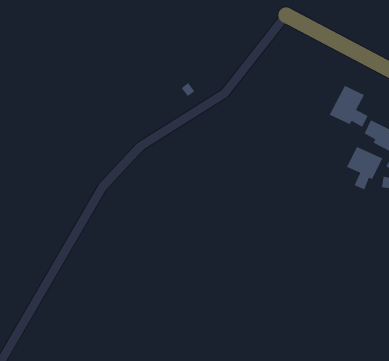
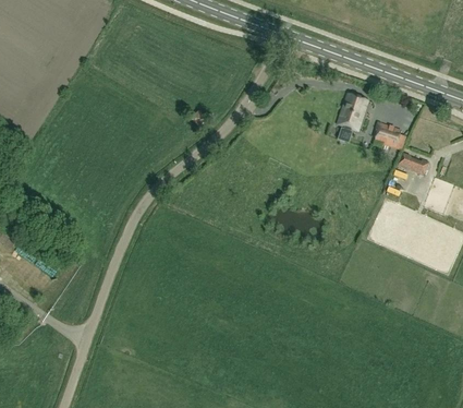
building: [346,146,383,190] -> none

